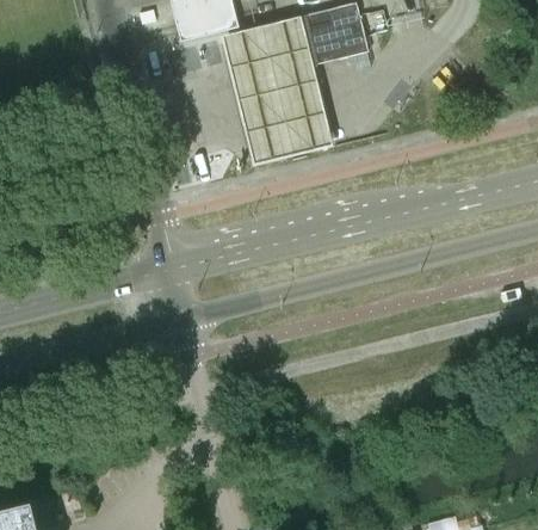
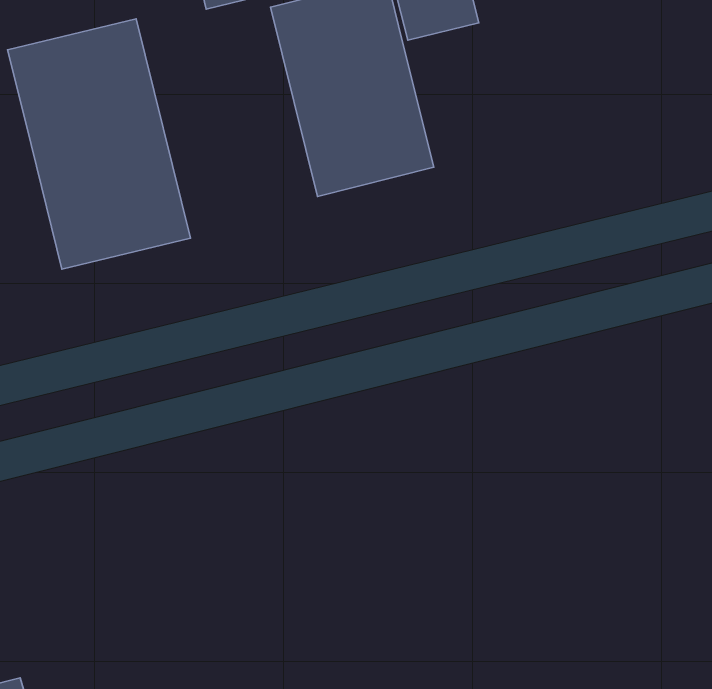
building: none -> [7,19,190,269]

